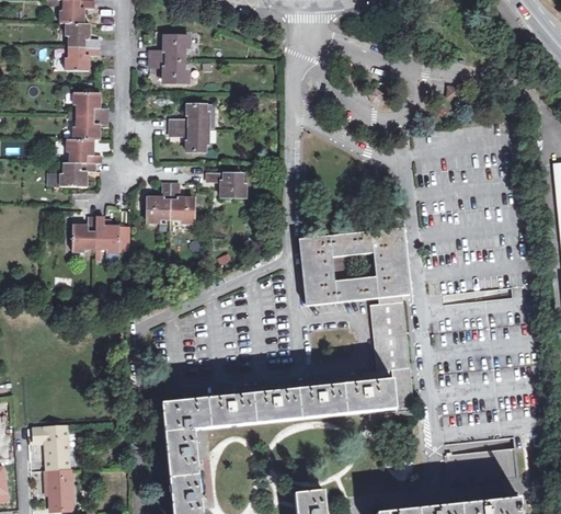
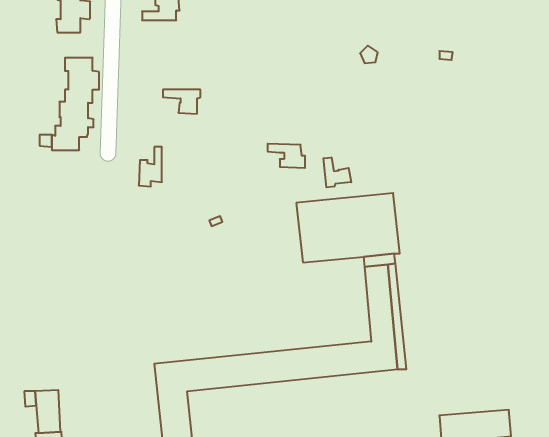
building: [150,58,186,81] -> none
building: [171,106,208,127] -> none
building: [208,173,245,197] -> [268,144,305,168]
building: [170,184,193,224] -> none
building: none -> [323,157,351,187]
building: [73,218,118,252] -> none

